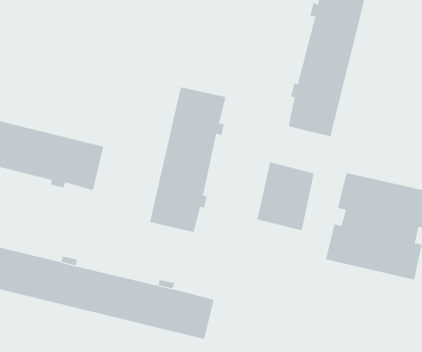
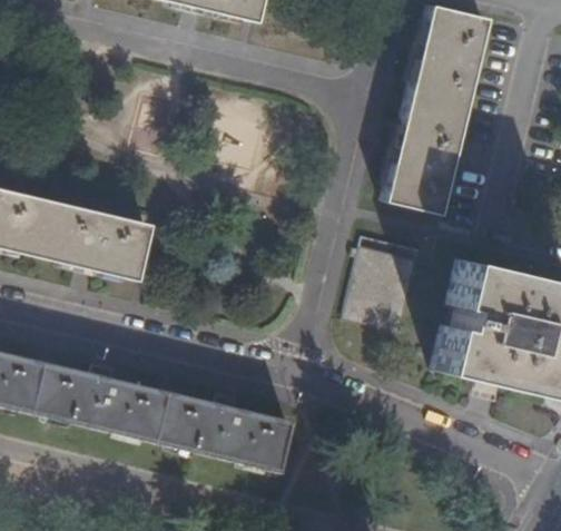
building: [149,86,226,233] -> none

